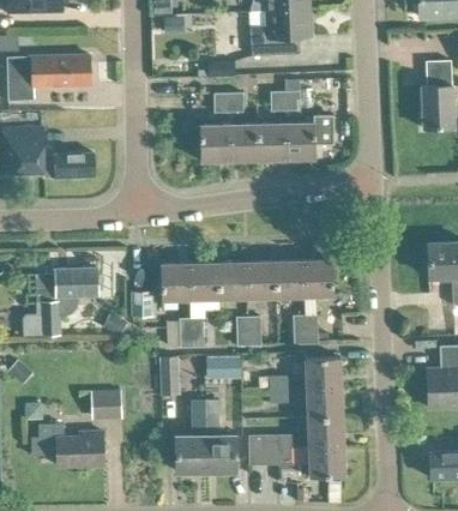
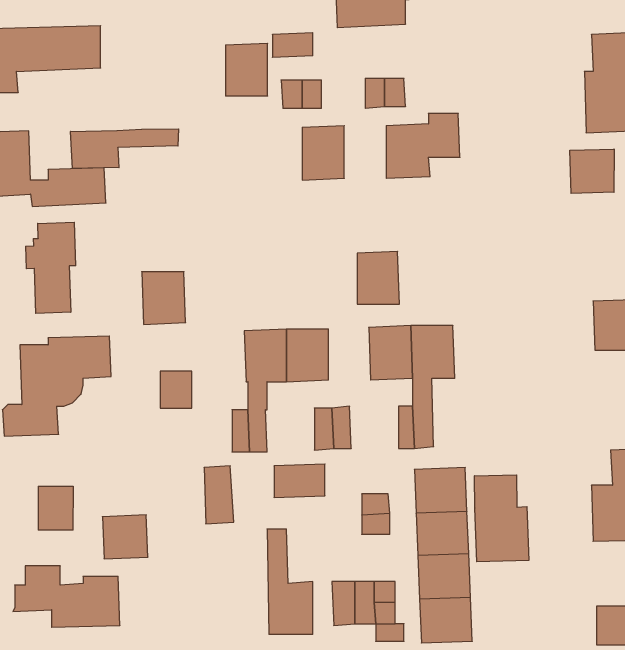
building: [257,124,285,160] -> none
building: [199,125,228,161] -> [226,43,268,96]
building: none -> [71,129,179,168]
building: none -> [570,149,614,193]
building: none -> [26,222,76,313]
building: [246,261,275,297] -> [357,251,399,304]
building: [159,264,189,300] -> [142,272,186,324]
building: none -> [475,475,529,562]
building: none -> [38,486,73,530]
building: [175,399,205,471] -> none

